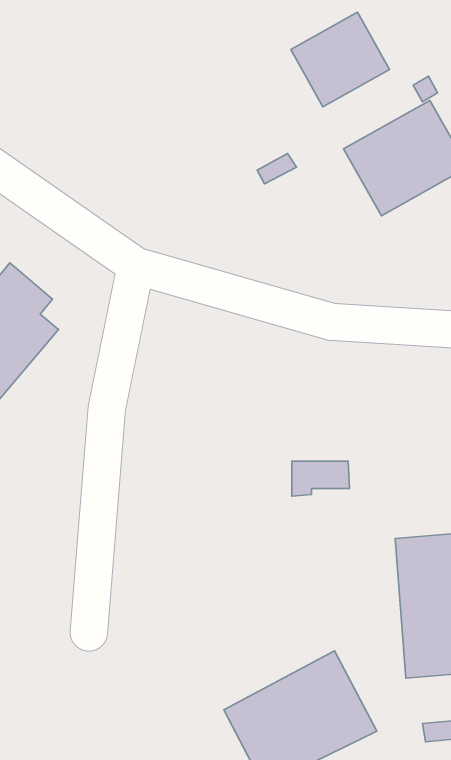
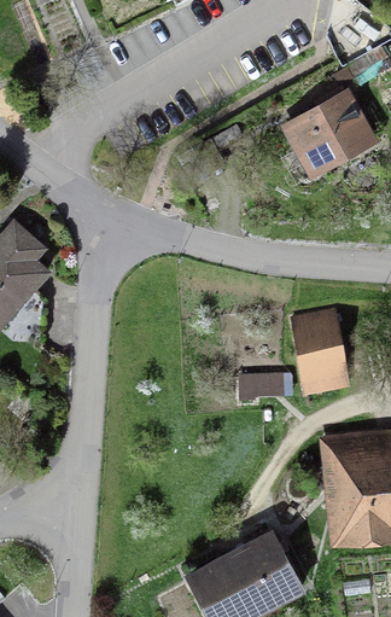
building: [291,12,389,107] -> none
building: none -> [288,312,350,397]

